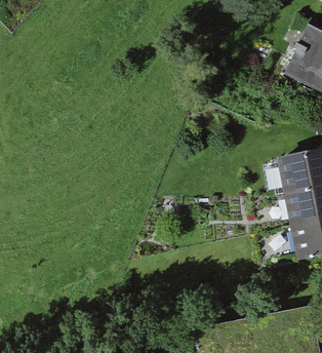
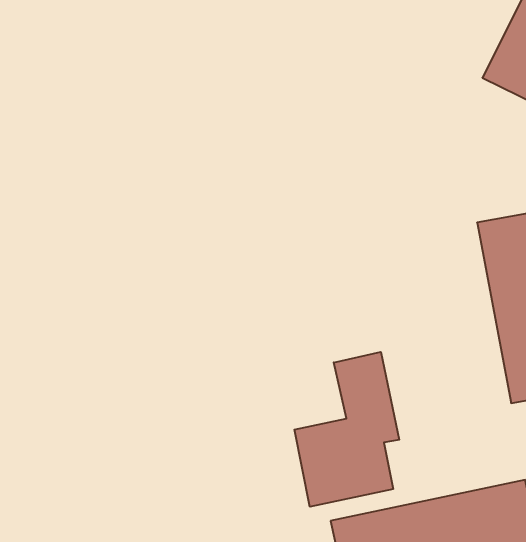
building: none -> [294,352,399,507]

